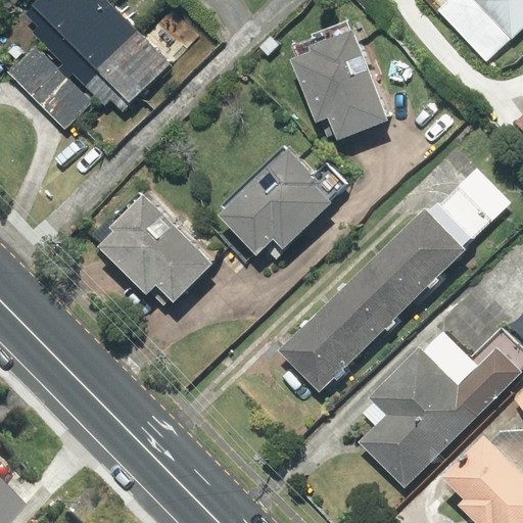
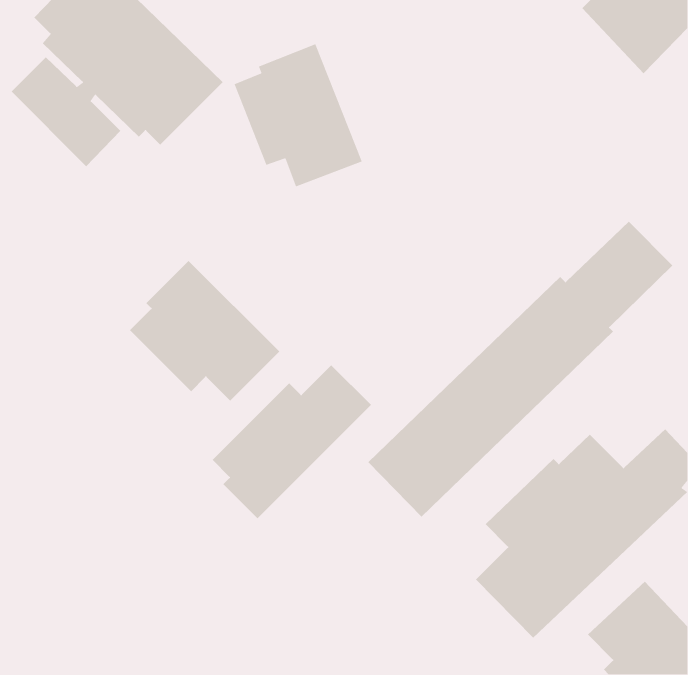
building: [290,32,388,141] -> [234,43,363,187]
building: [220,146,346,257] -> none
building: none -> [212,364,372,519]

